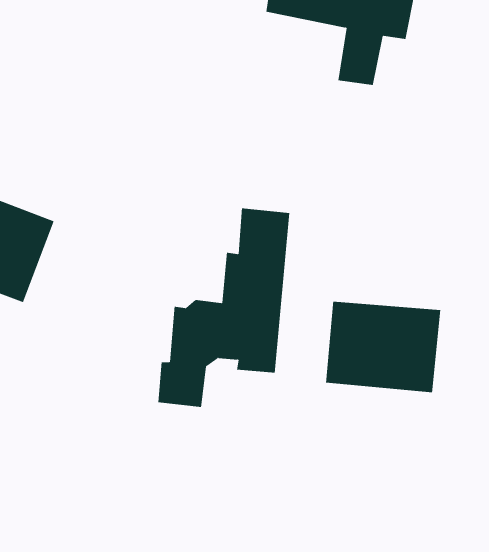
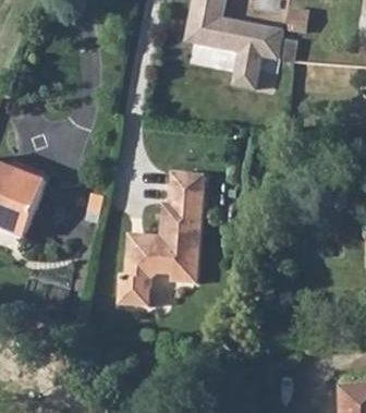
building: [326,301,441,393] -> none

